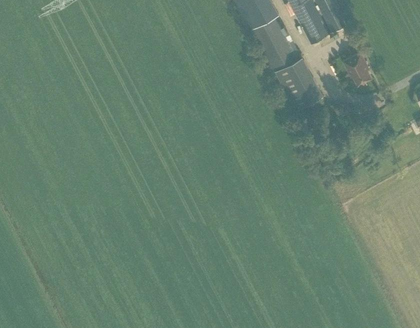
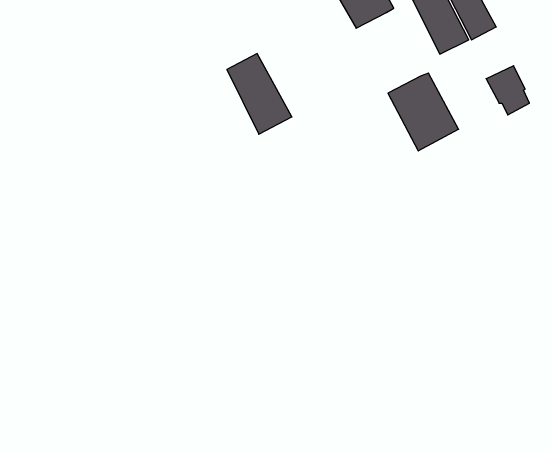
building: [251,14,296,70] -> [227,54,292,134]

